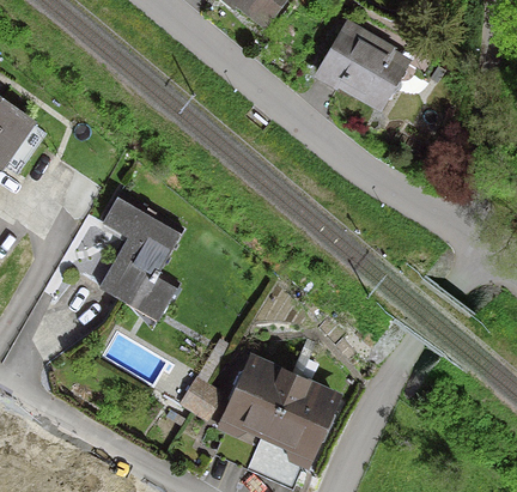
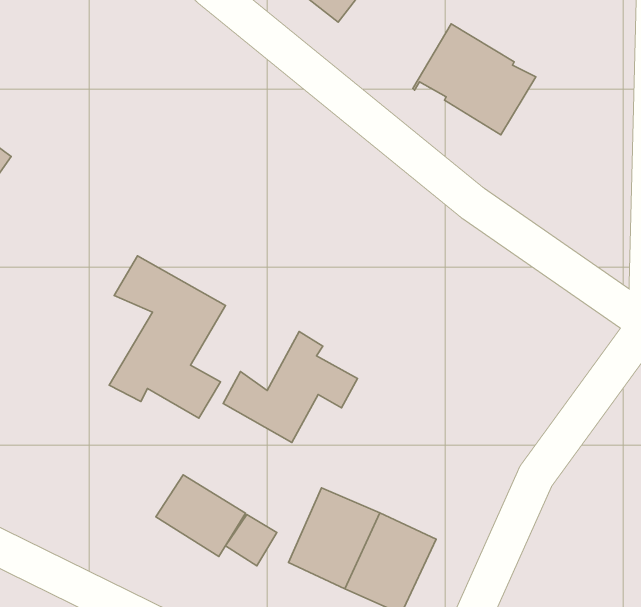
building: none -> [223,332,357,442]
building: none -> [156,475,245,556]

